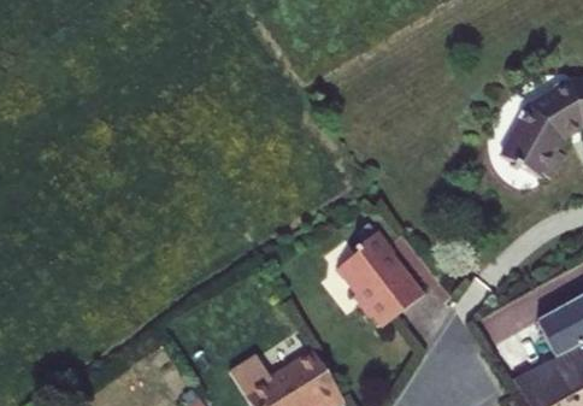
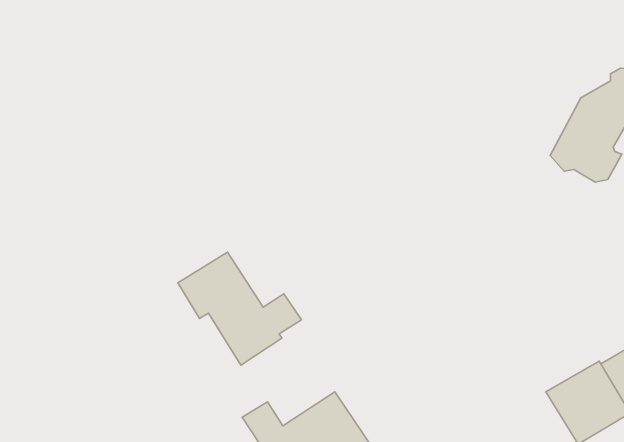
building: none -> [178,252,301,365]
building: [335,231,422,328] -> none

